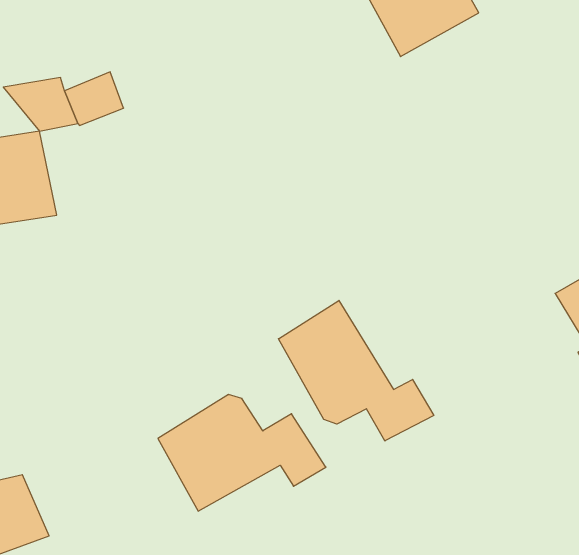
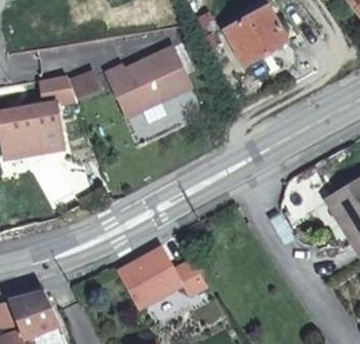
building: none -> [105,46,190,116]
building: [278,300,434,441] -> none

